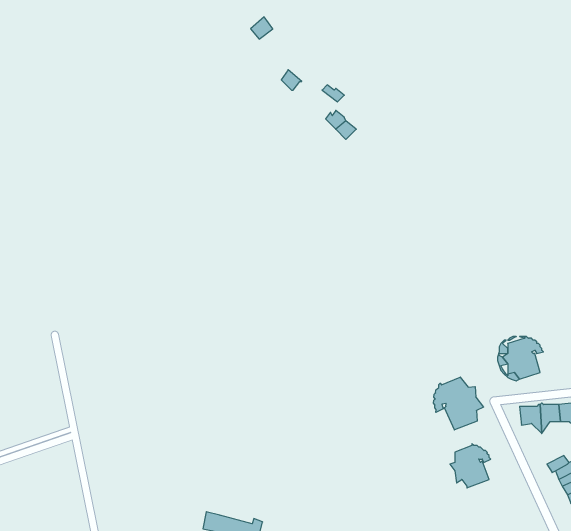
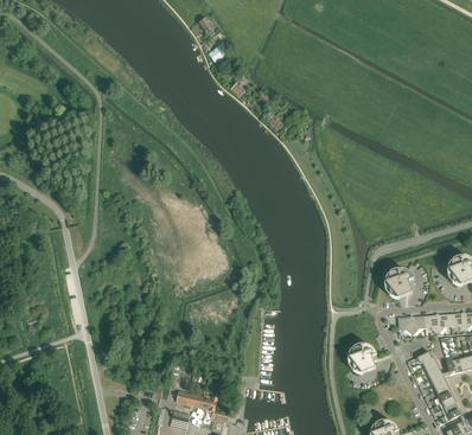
building: [434,377,484,430] -> none

